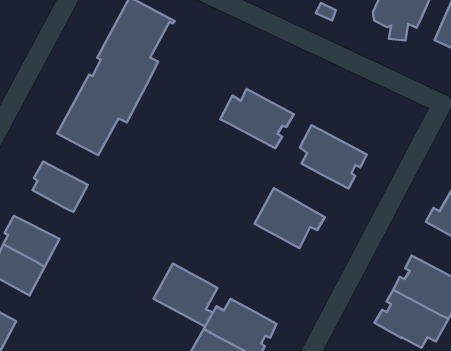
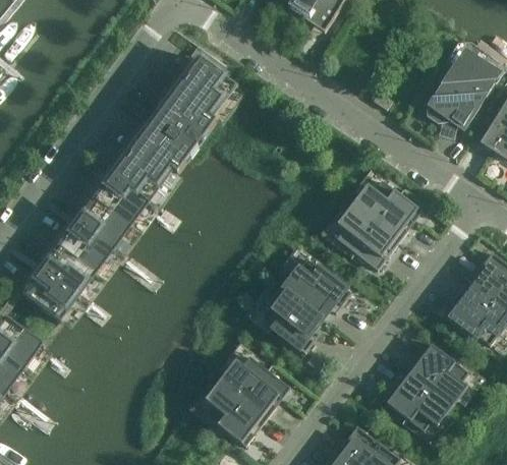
building: [220,89,294,148] -> [350,178,420,238]
building: none -> [92,173,149,226]
building: none -> [56,223,113,273]
building: [153,263,218,326] -> [259,287,321,351]

